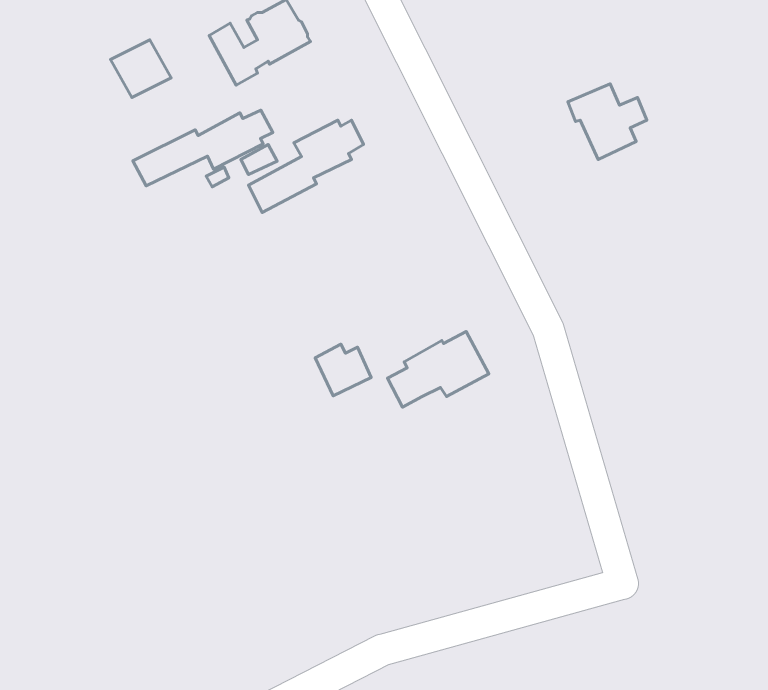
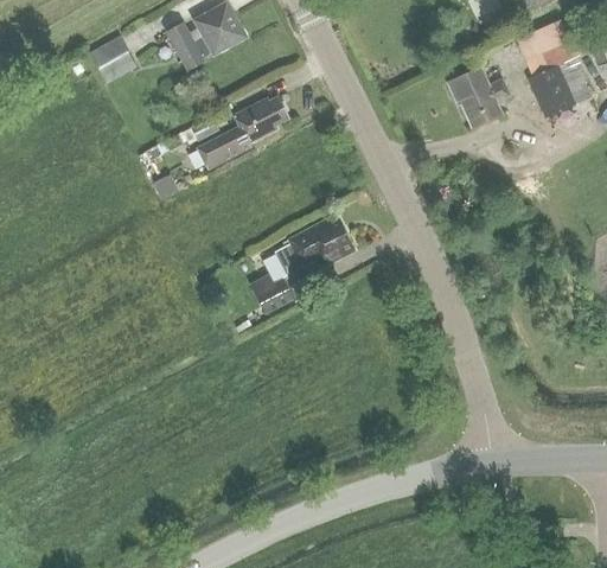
building: none -> [526,59,592,117]
building: [133,110,273,186] -> none
building: [387,331,489,407] -> [275,215,354,274]

